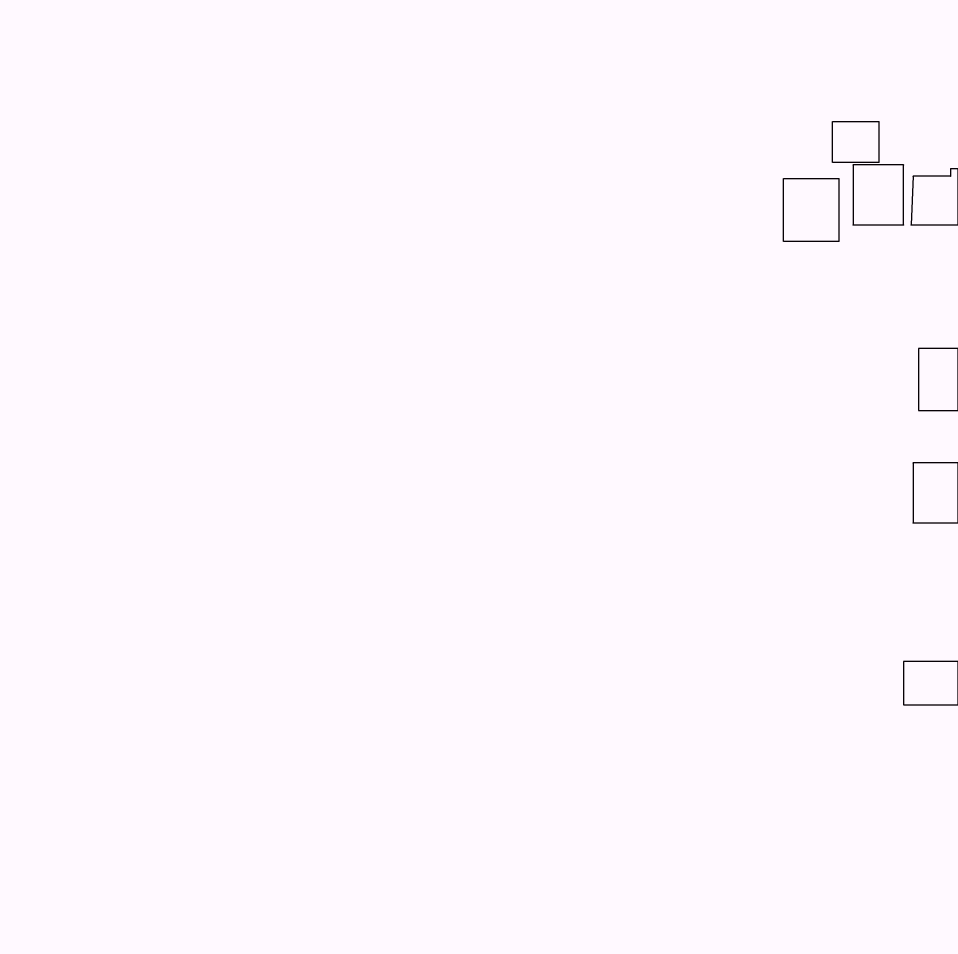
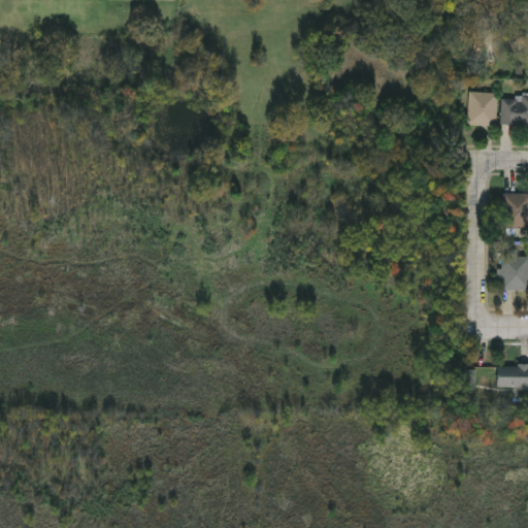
building: [833,122,879,162] -> none
building: [784,179,839,241] -> none

